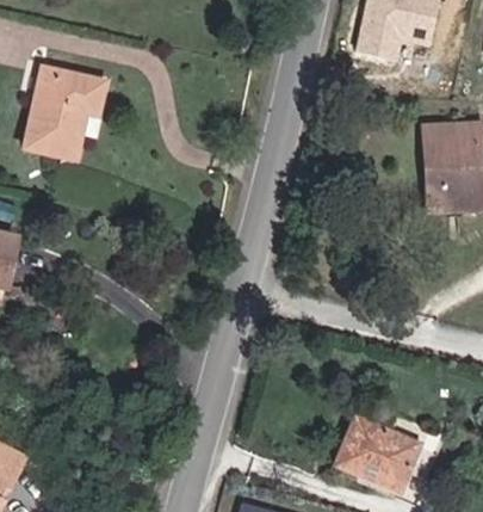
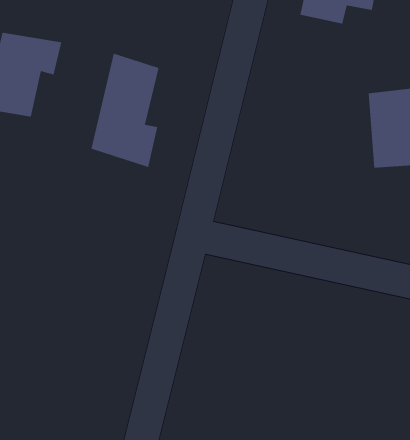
building: none -> [91,53,159,168]
building: [334,420,415,492] -> none

